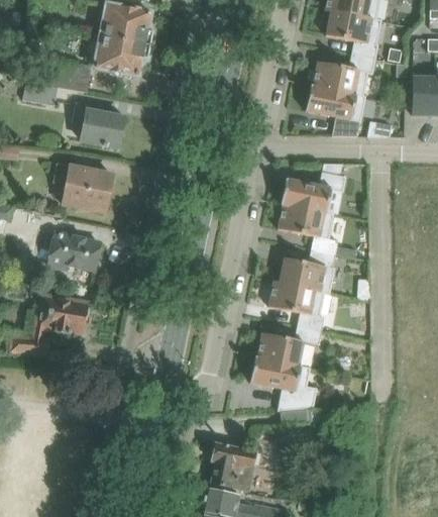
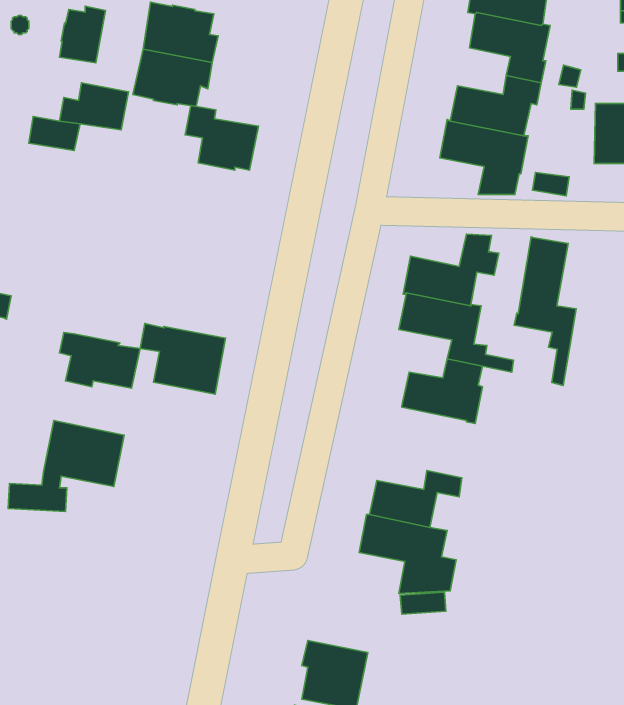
building: none -> [60,6,105,63]
building: [73,102,123,146] -> [185,106,258,170]
building: [53,164,112,212] -> [140,324,226,394]
building: none -> [514,237,576,385]
building: [268,280,324,330] -> none

